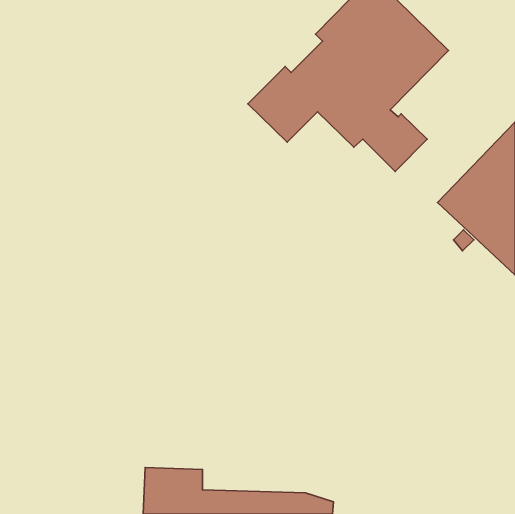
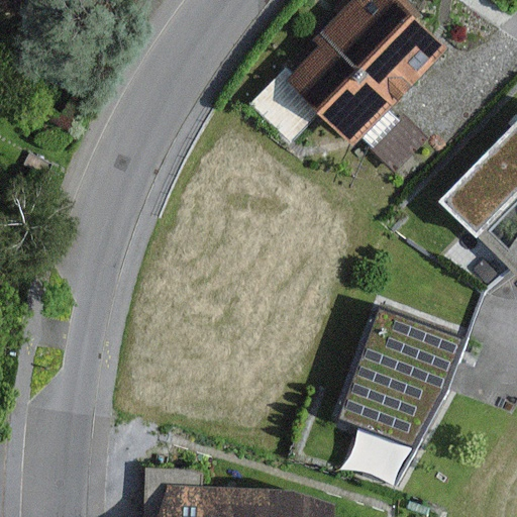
building: none -> [337,306,467,446]

